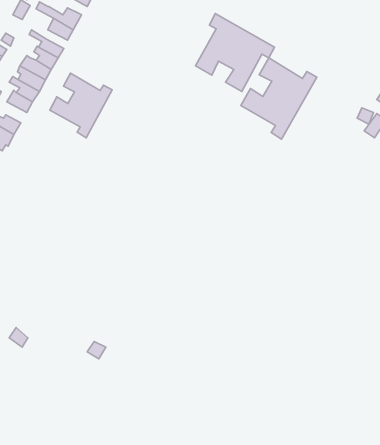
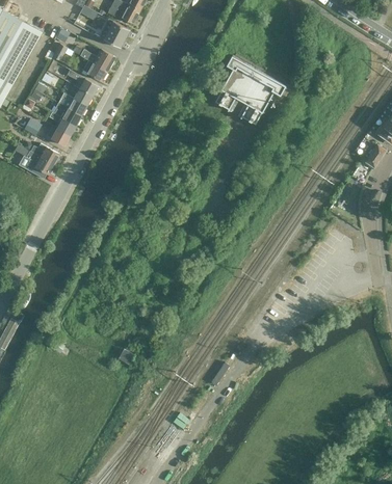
building: [241,58,317,139] -> none
building: [50,73,112,138] -> none

